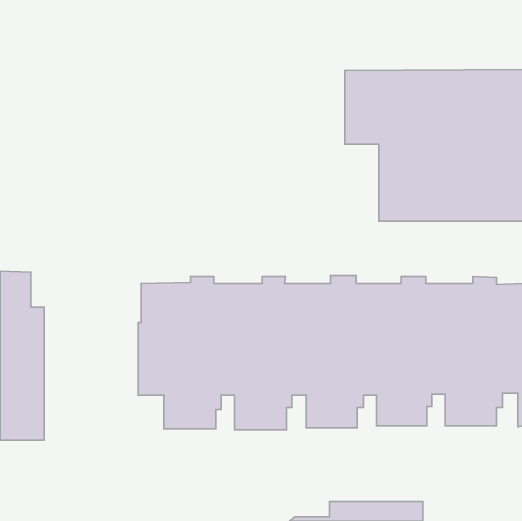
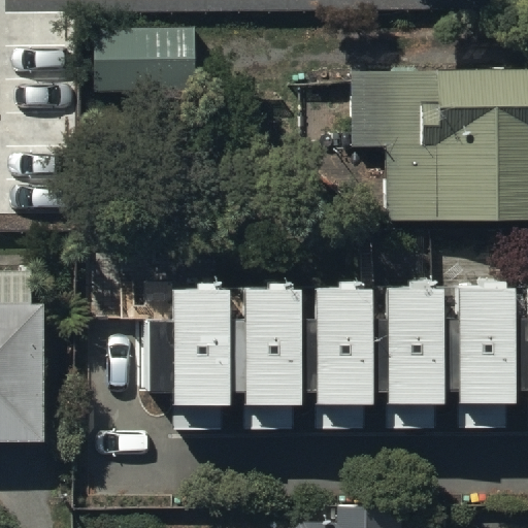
building: none -> [98,25,196,91]

